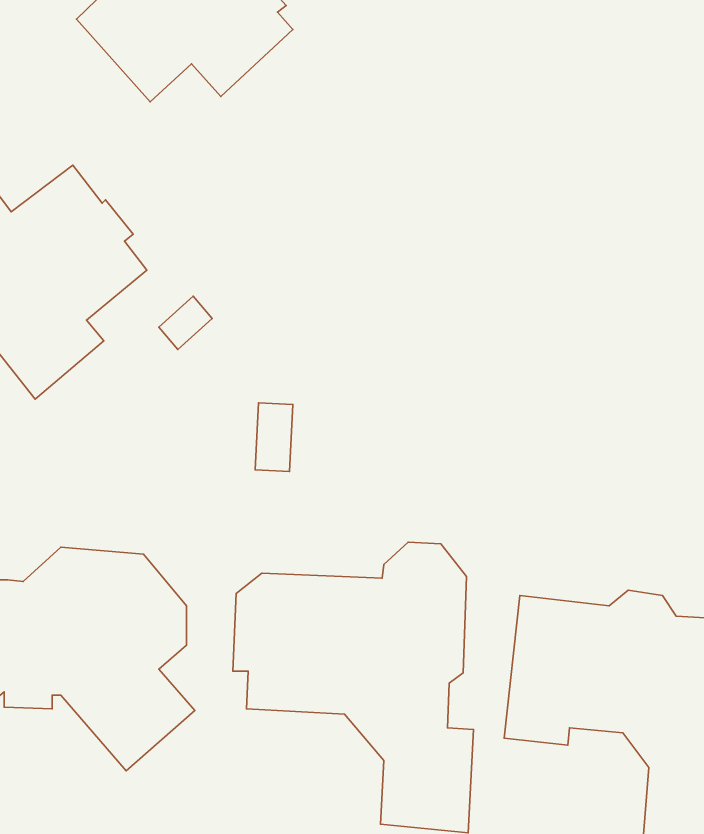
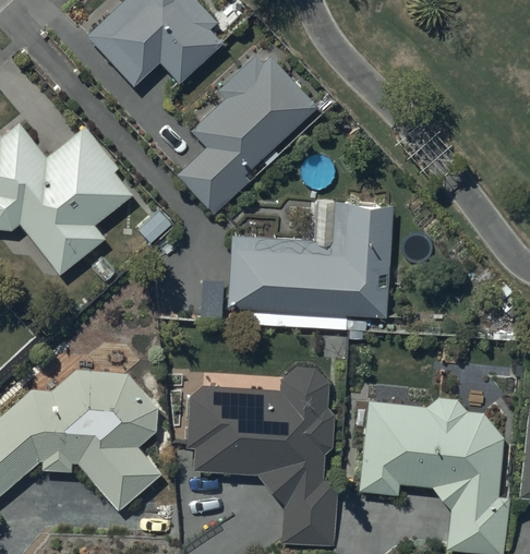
building: none -> [174,55,318,216]
building: none -> [227,200,393,332]

